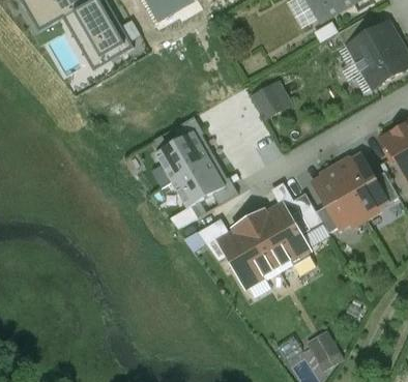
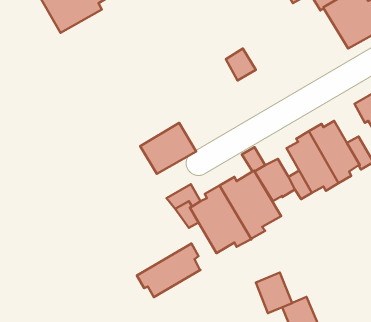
building: [155,131,209,181] -> none
building: none -> [137,244,200,297]
building: none -> [256,273,292,313]

